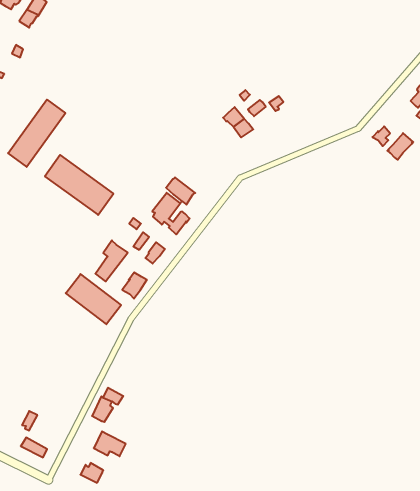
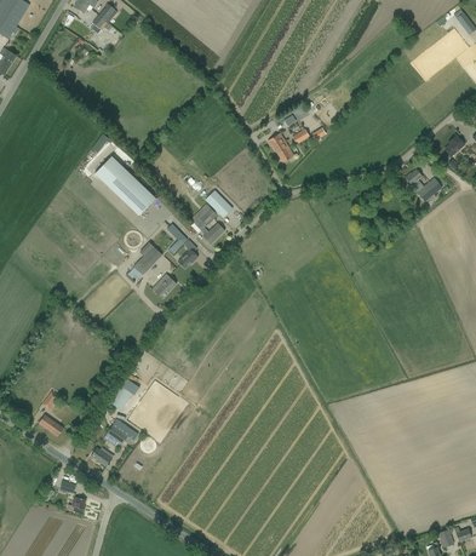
building: [8,100,65,167] -> none
building: [66,274,121,324] -> none

